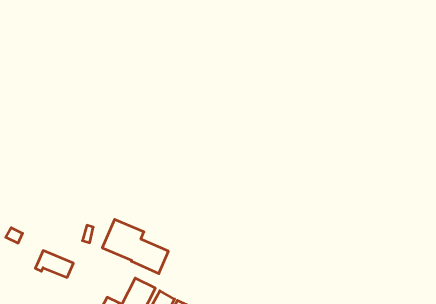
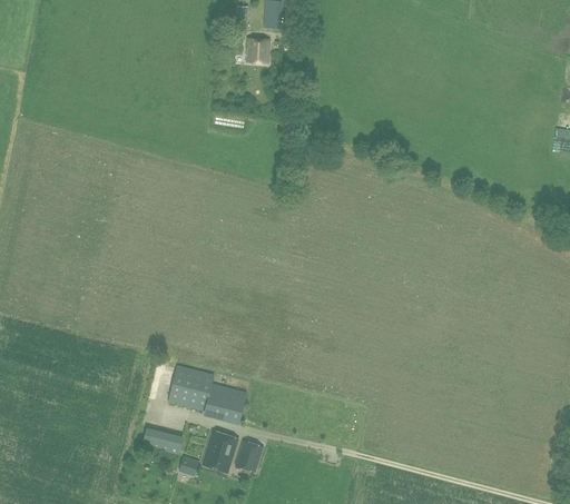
building: [35,251,73,277] -> [140,427,184,454]

